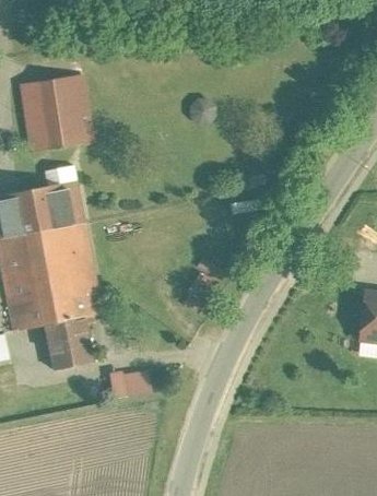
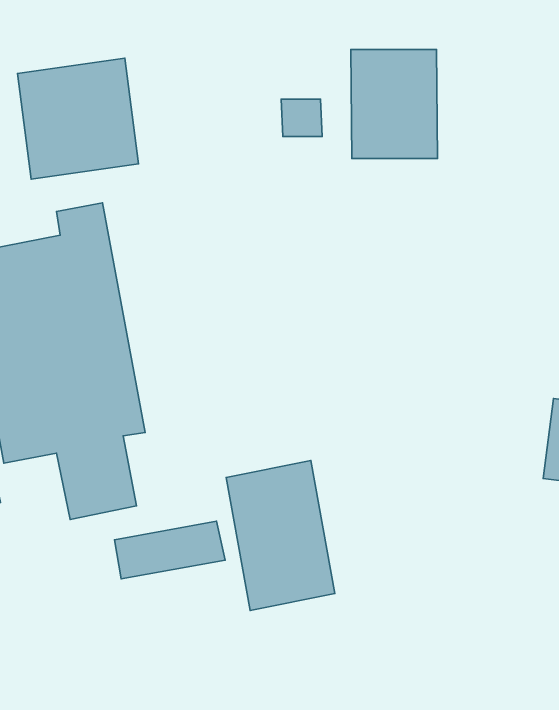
building: none -> [351,50,438,158]
building: none -> [226,461,335,611]

